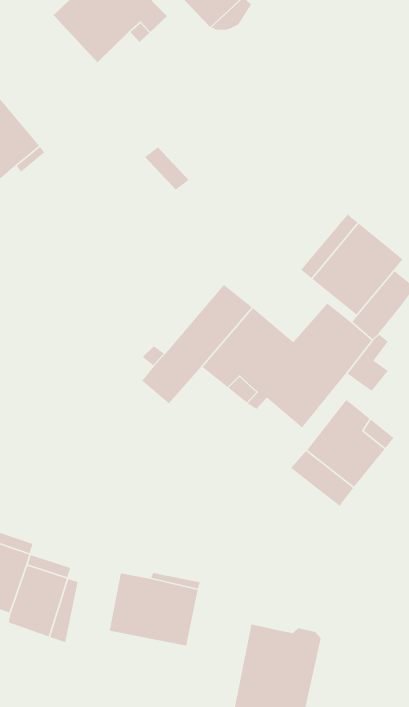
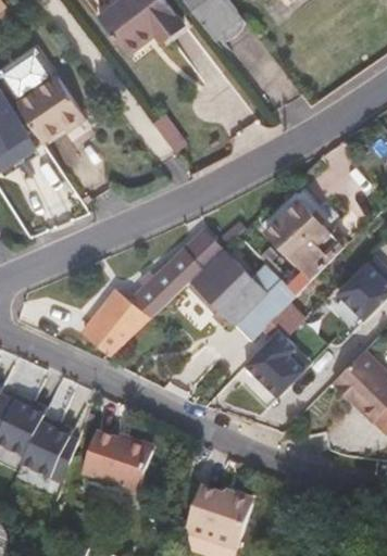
building: none -> [84,290,151,352]

